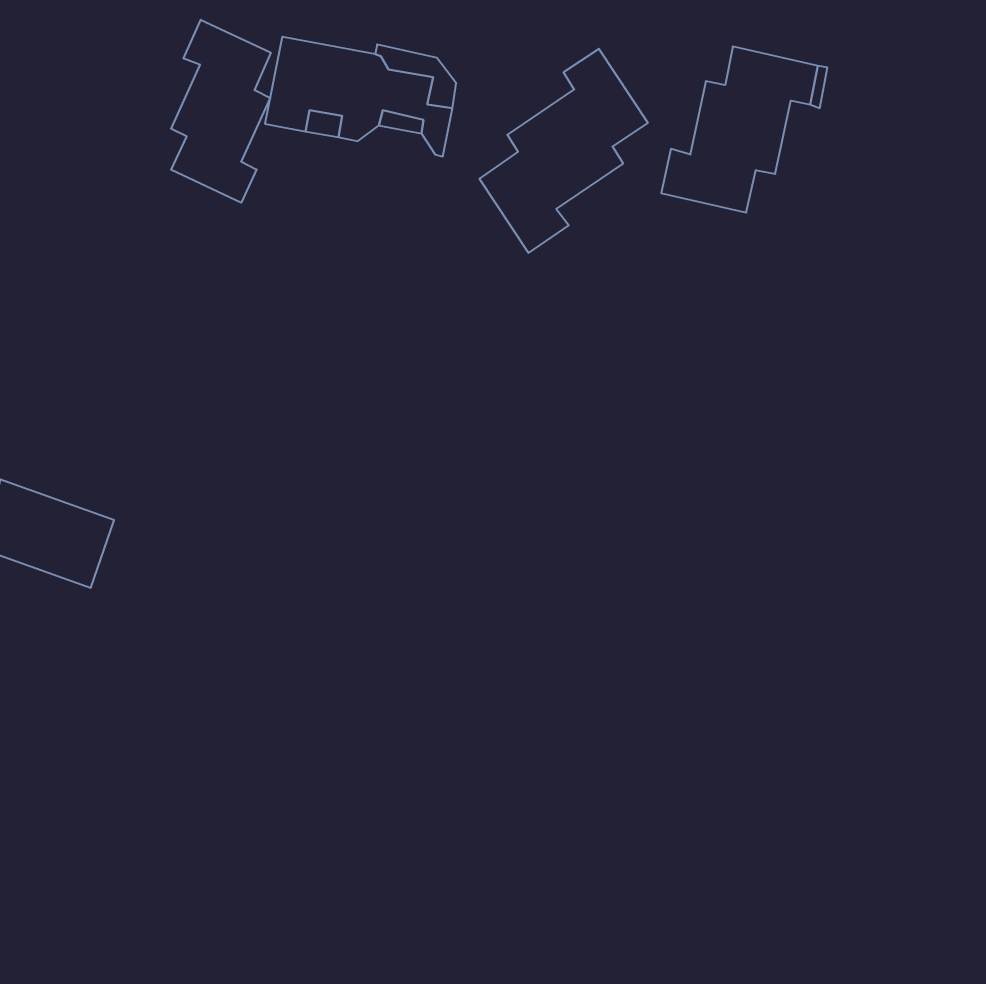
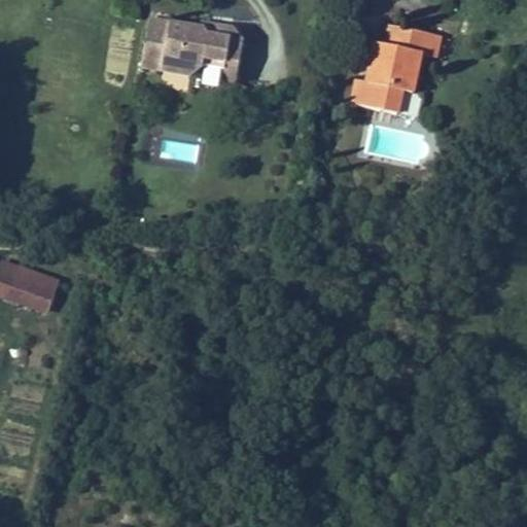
building: [171,20,271,203] -> none
building: [480,49,648,253] -> none

